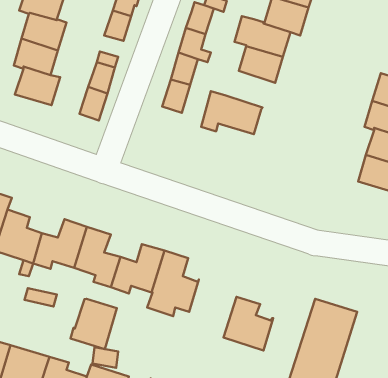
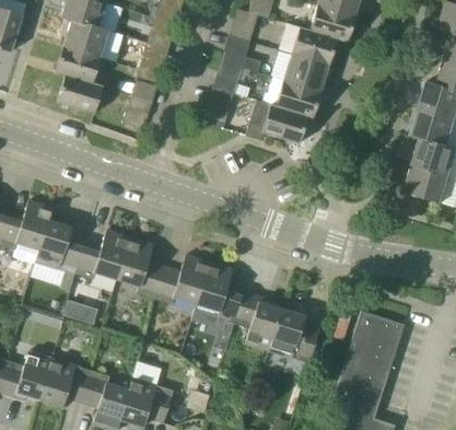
building: none -> [262,77,320,119]
building: none -> [233,291,281,350]
building: [71,299,117,349] -> none

